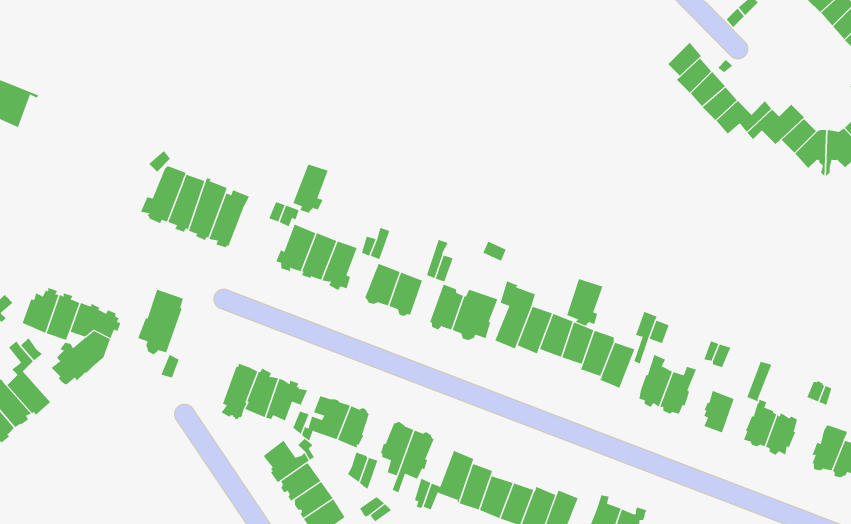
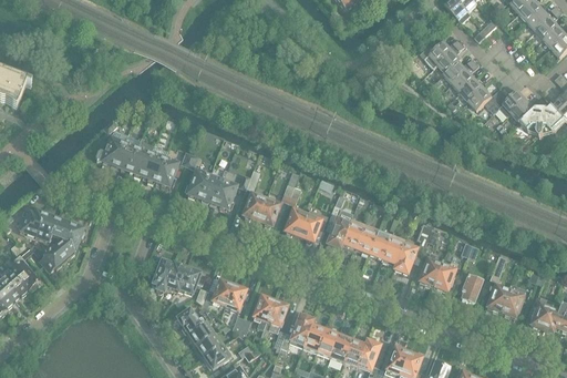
building: none -> [421,41,453,68]
building: [293,164,328,214] -> [155,156,178,188]
building: [566,278,603,326] -> none
building: [138,289,183,355] -> none

